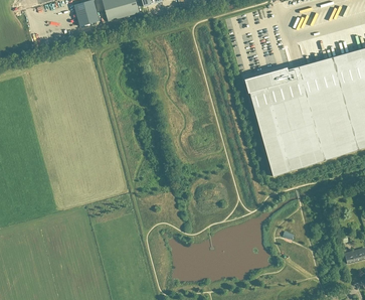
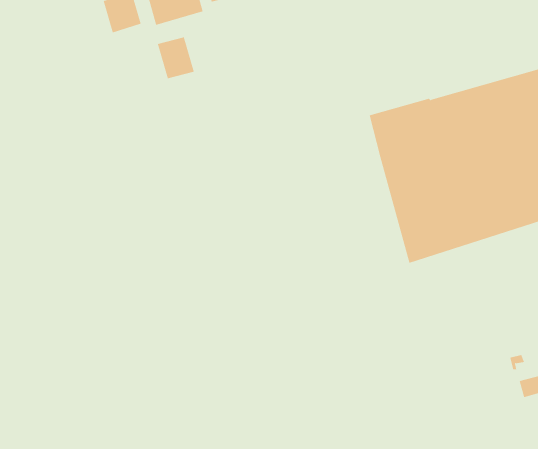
building: none -> [157,36,195,79]

